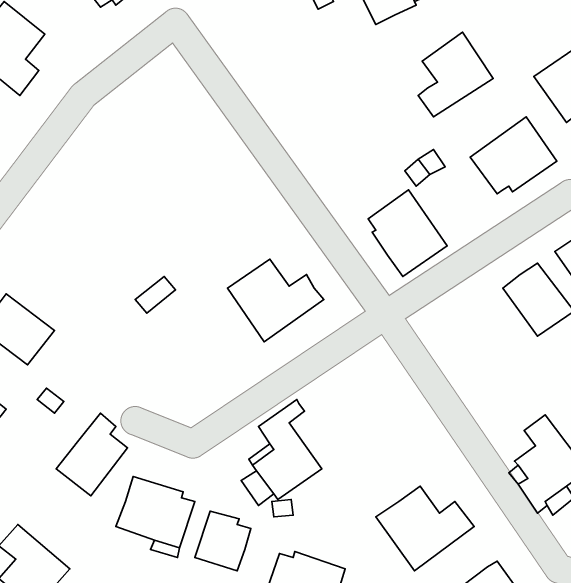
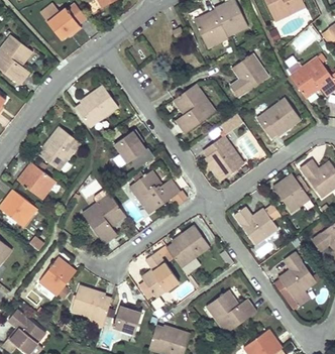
building: none -> [74,82,117,126]
building: none -> [173,84,215,132]
building: none -> [39,126,80,170]
building: none -> [113,128,152,169]
building: none -> [16,161,55,199]
building: none -> [81,193,125,244]
building: none -> [234,204,280,245]
building: none -> [165,224,210,267]

